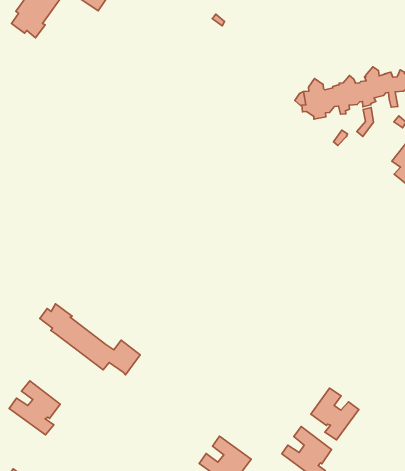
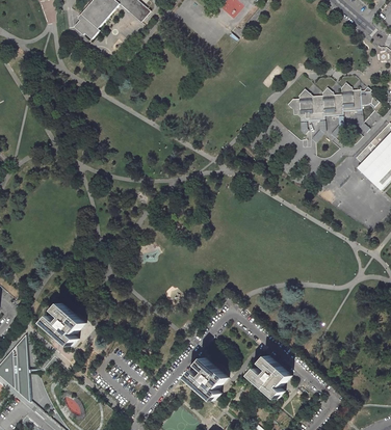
building: [40,304,140,375] -> none
building: [311,388,359,440] -> none

